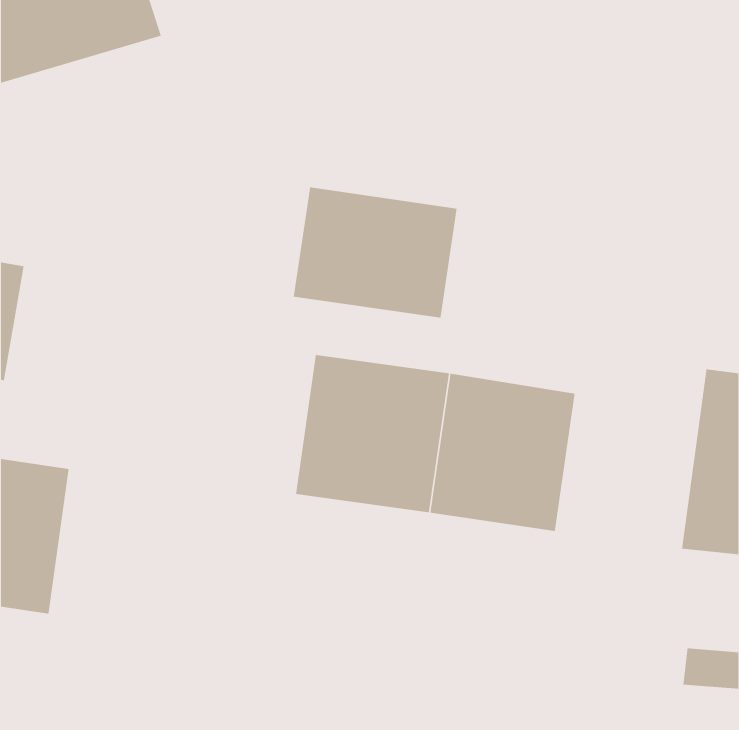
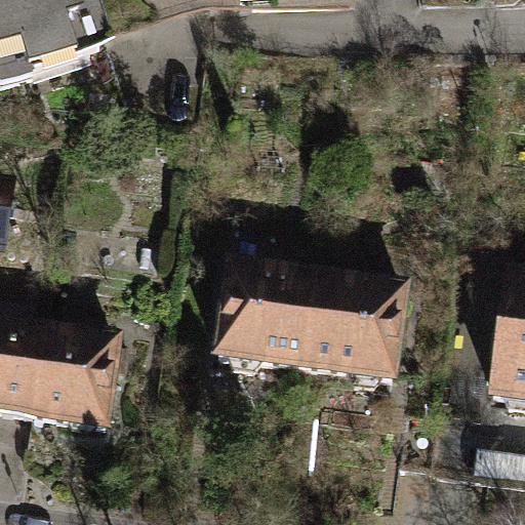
building: [293,187,458,318] -> none
building: none -> [35,332,126,445]

